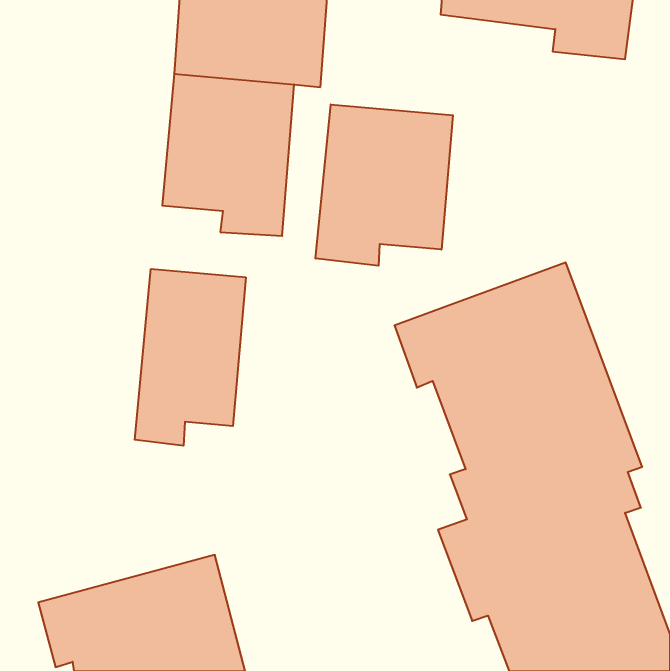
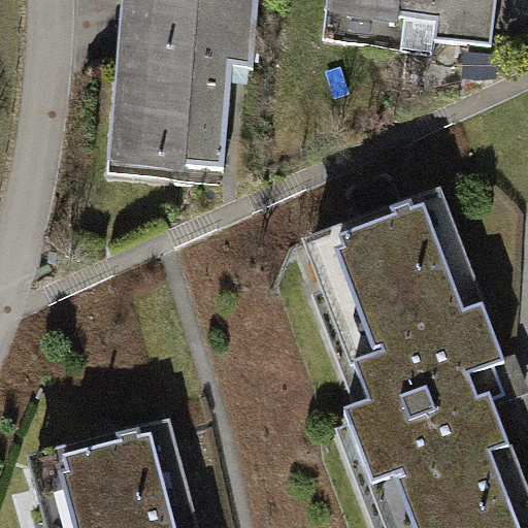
building: [316,104,453,266] -> none
building: [135,269,246,446] -> none

